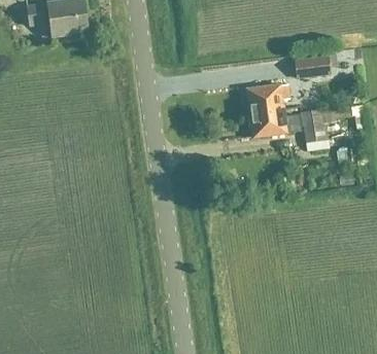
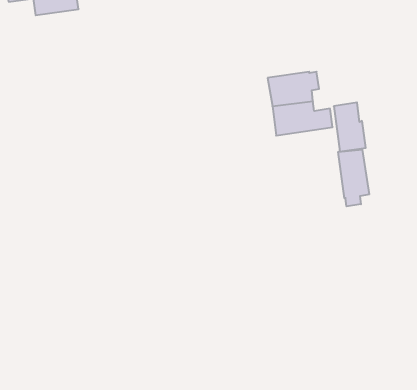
building: [295,56,330,77] -> none
building: none -> [338,149,369,206]

